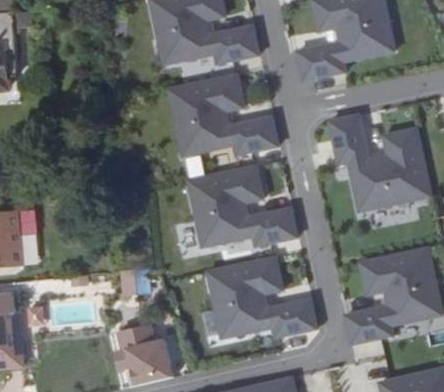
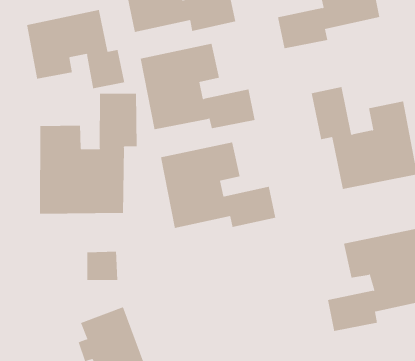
building: none -> [26,9,125,89]
building: none -> [40,93,137,214]
building: [206,257,315,338] -> none

